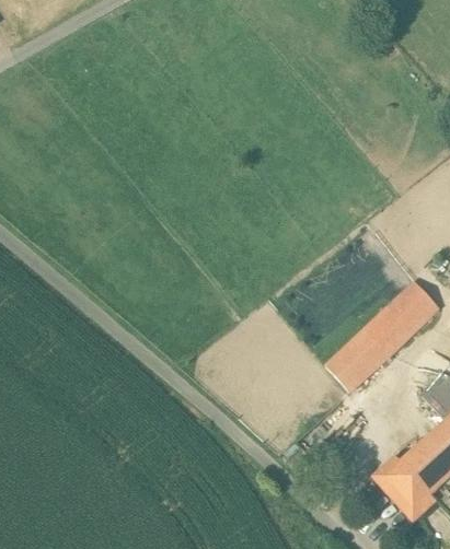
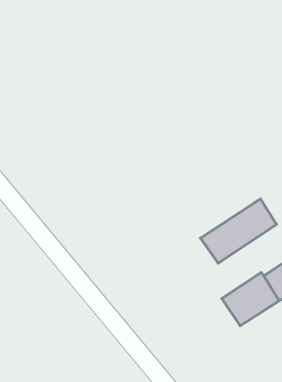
building: none -> [201,199,277,263]

